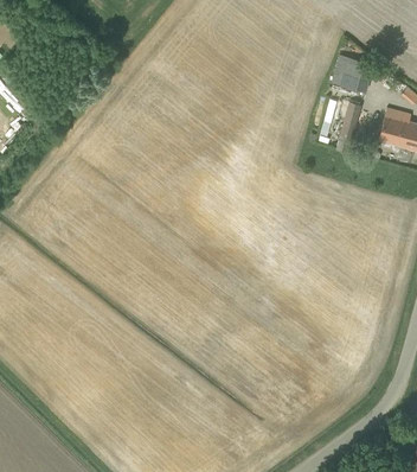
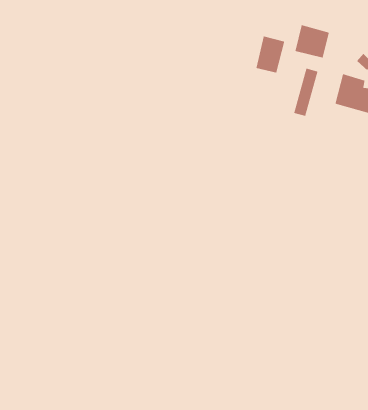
building: none -> [256,36,285,73]

